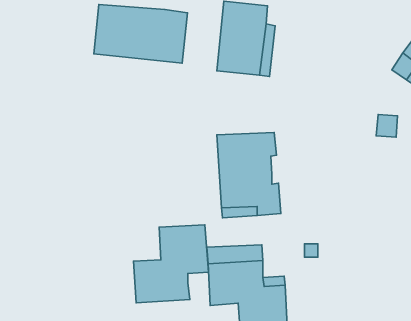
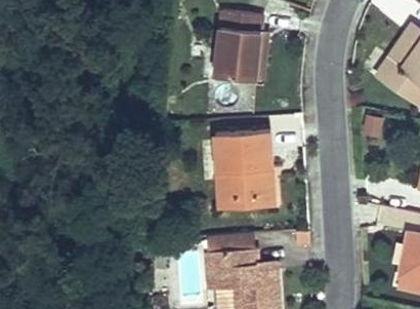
building: [94,5,187,63] -> none
building: [133,225,208,303] -> none

